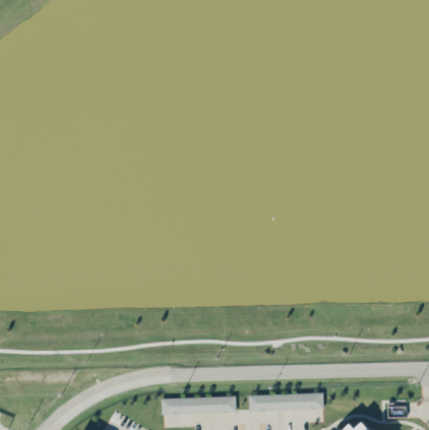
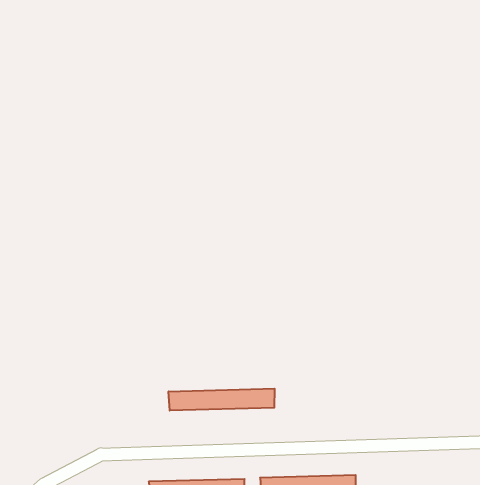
building: none -> [169,389,275,411]

